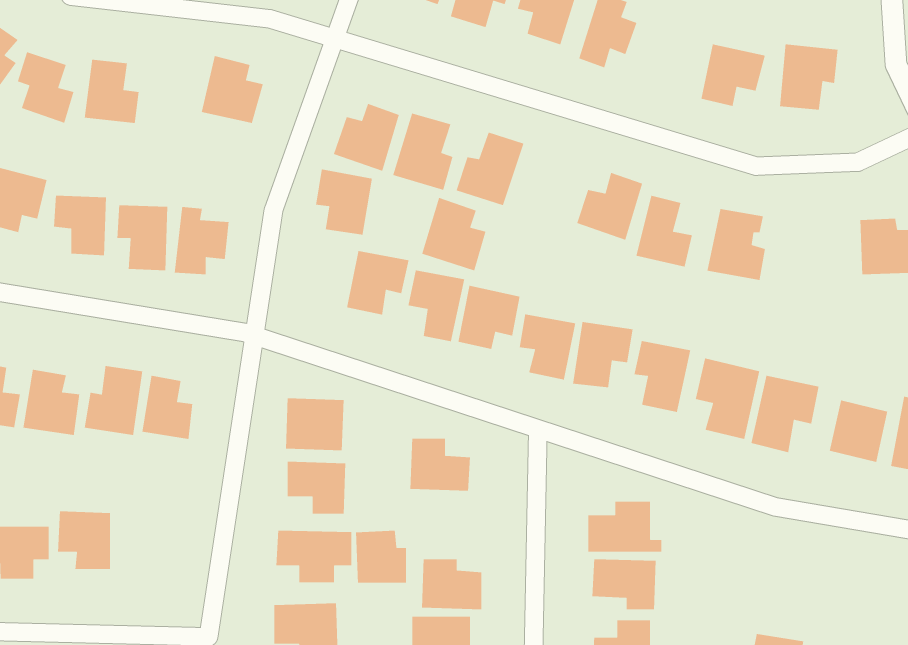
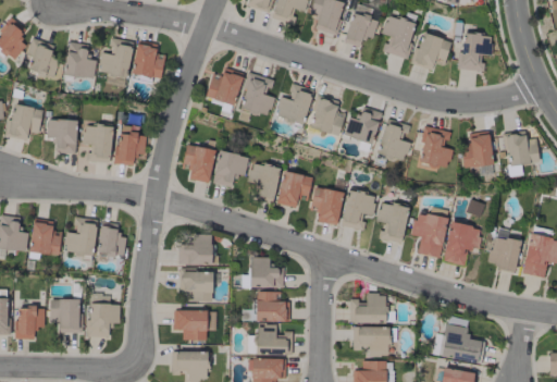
building: none -> [382,15,417,59]
building: none -> [98,39,134,78]
building: [315,169,373,236] -> [183,145,215,183]
building: [421,197,486,271] -> [308,95,345,137]
building: none -> [462,132,492,168]
building: none -> [87,304,120,337]
building: [355,530,407,583] -> [257,292,286,322]
building: none -> [441,325,485,365]

